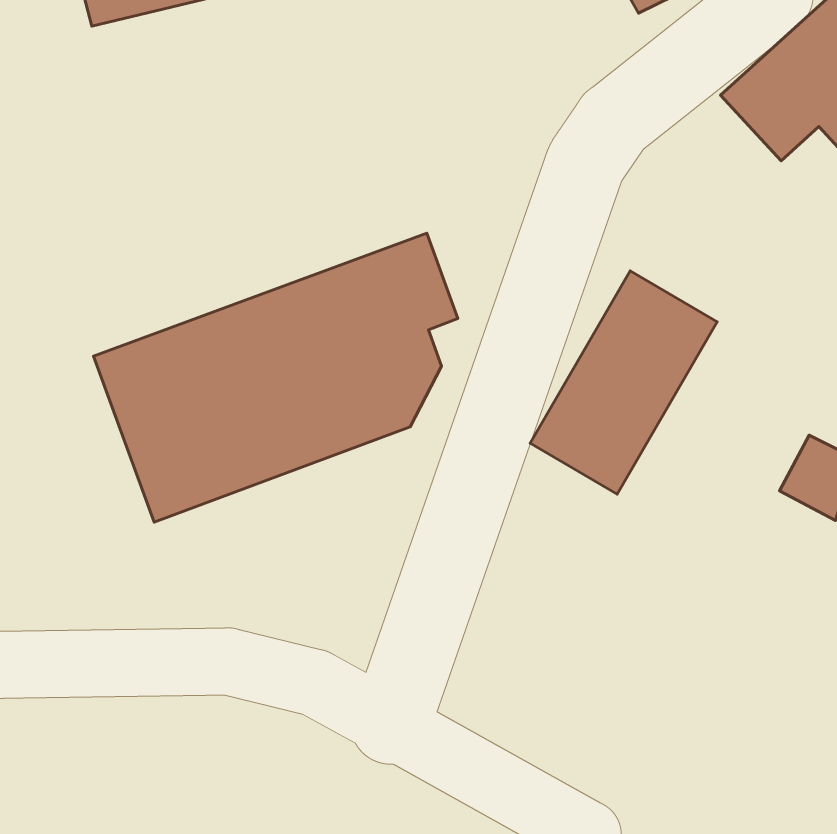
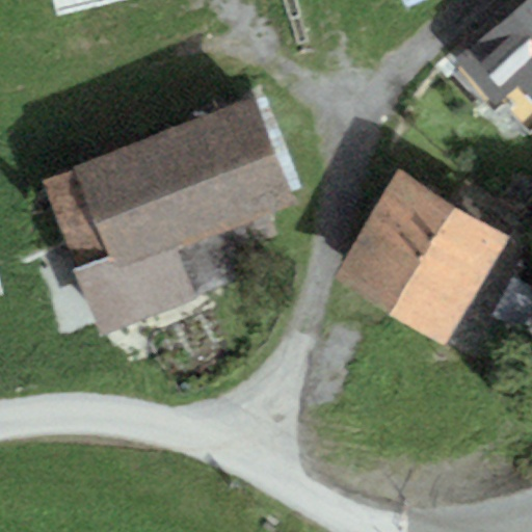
building: none -> [45,97,271,225]
building: none -> [392,204,508,343]

